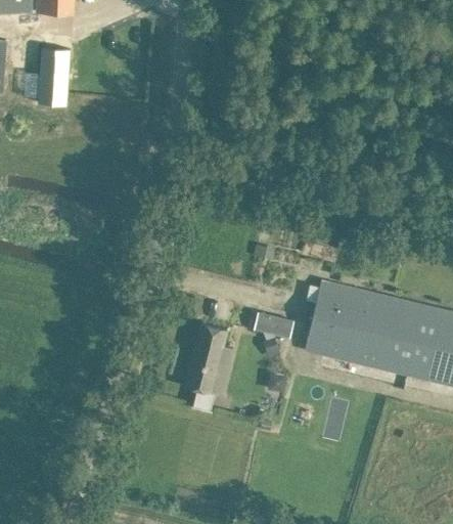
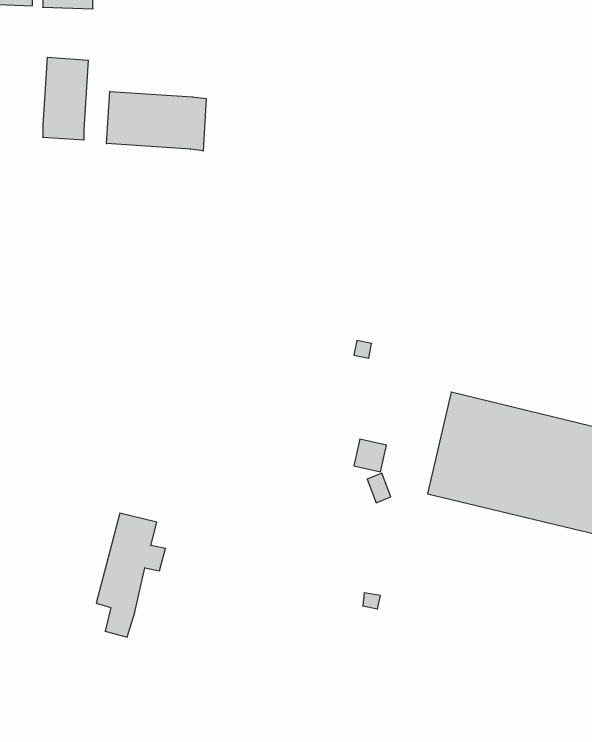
building: none -> [107,91,206,151]
building: [185,323,233,409] -> [96,513,166,637]

